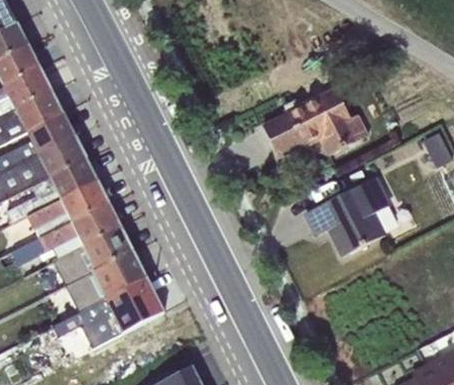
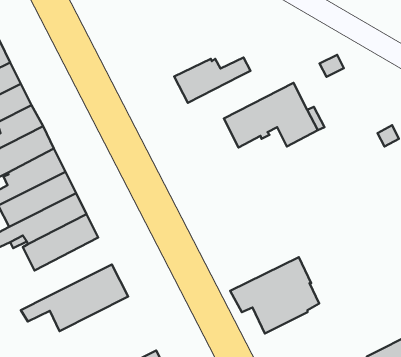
building: none -> [174,58,250,103]
building: [305,176,398,256] -> [230,257,319,334]
building: [65,250,145,311] -> none

